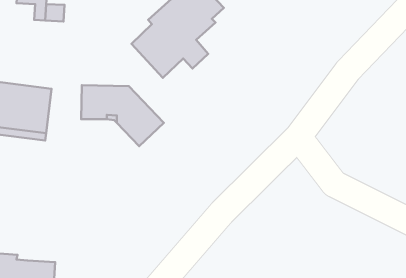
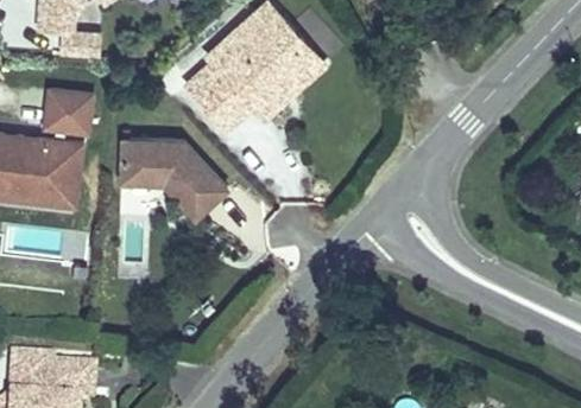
building: none -> [269,39,324,98]
building: none -> [44,89,91,133]

